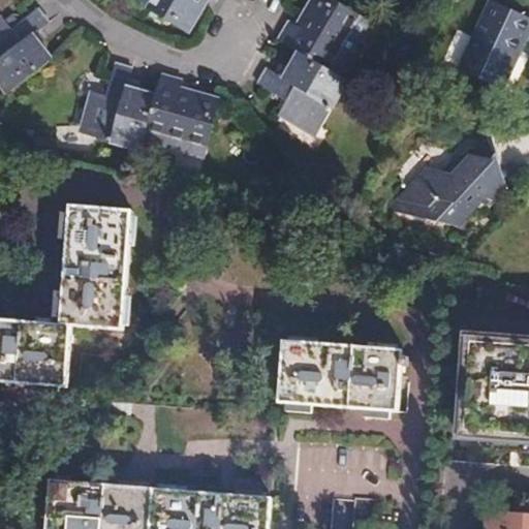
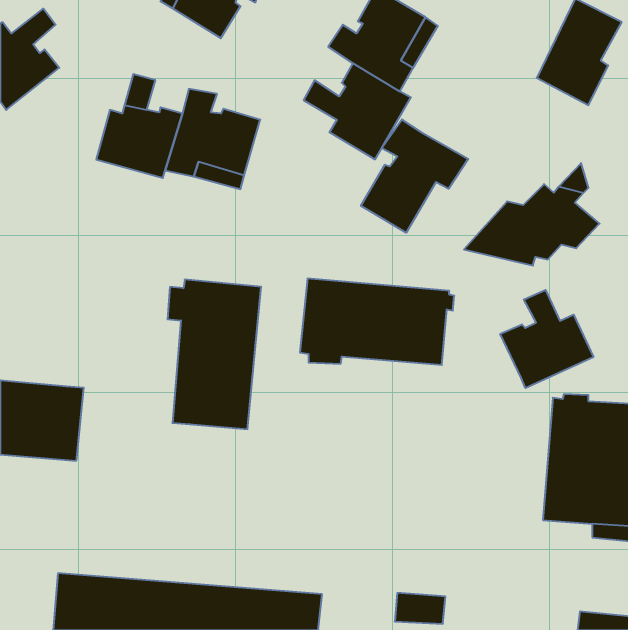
building: none -> [361,119,468,233]
building: [54,204,132,329] -> [167,280,261,429]
building: none -> [500,290,593,388]
building: [277,341,406,413] -> [300,279,454,365]

